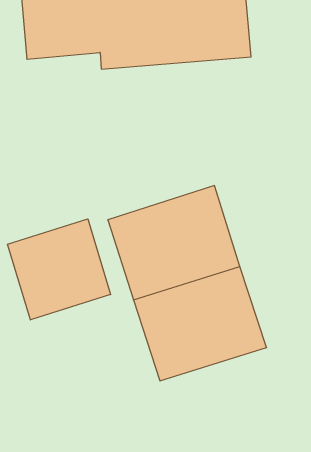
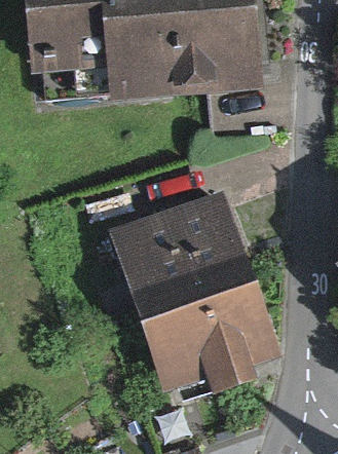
building: [7,219,111,320] -> none

